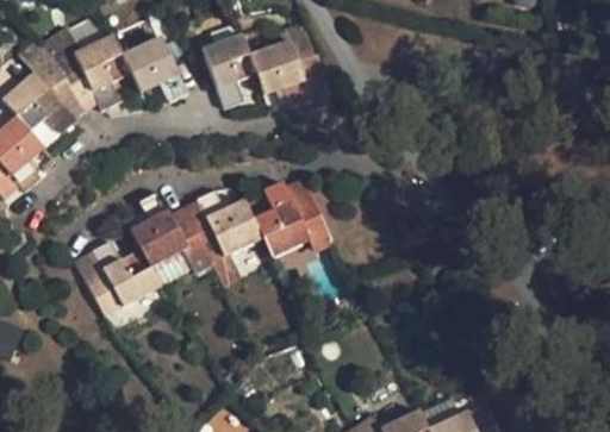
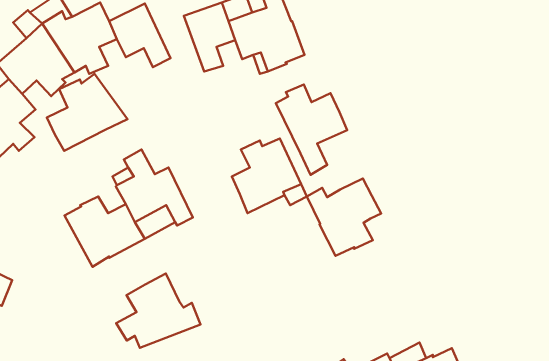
building: none -> [47,74,128,151]
building: [185,189,261,286] -> [276,84,347,175]
building: none -> [307,178,381,256]
building: none -> [116,274,200,348]

